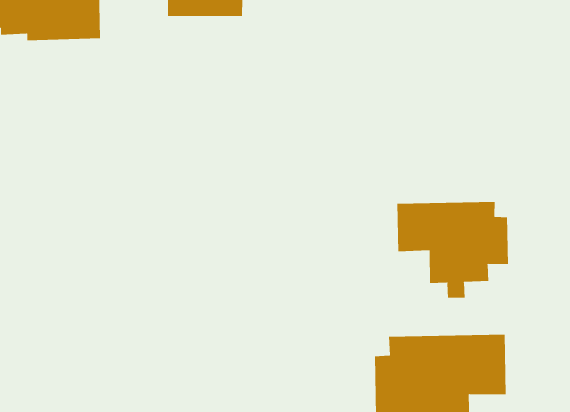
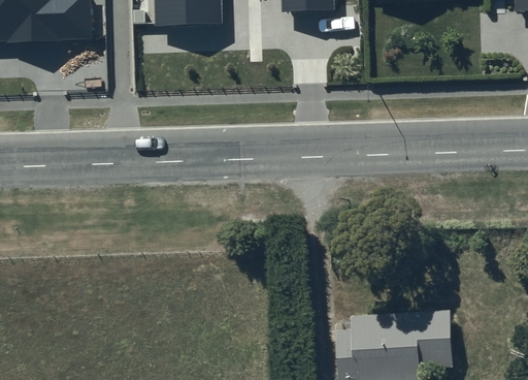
building: [397,201,508,298] -> none

